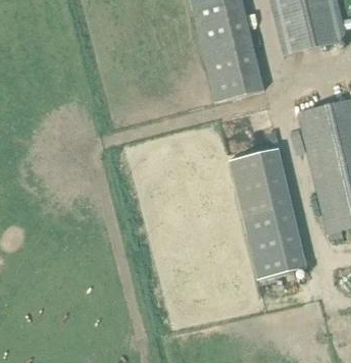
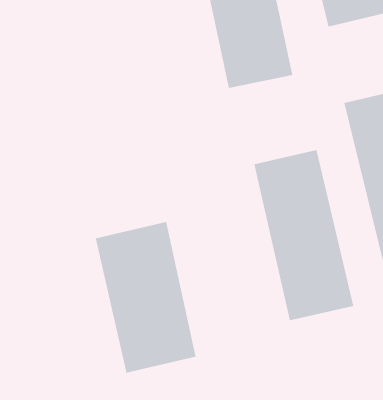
building: none -> [95,221,196,373]

